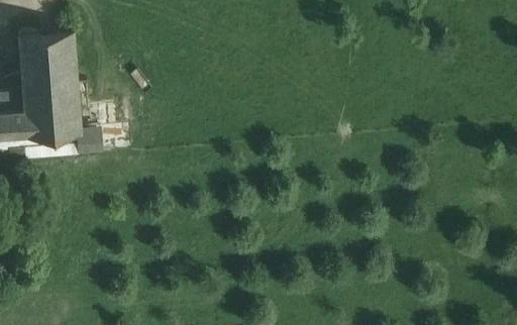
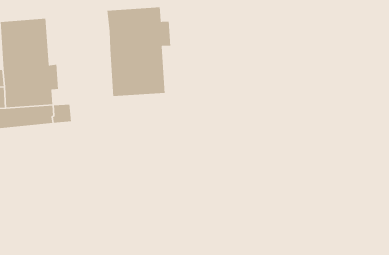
building: none -> [107,7,171,97]

